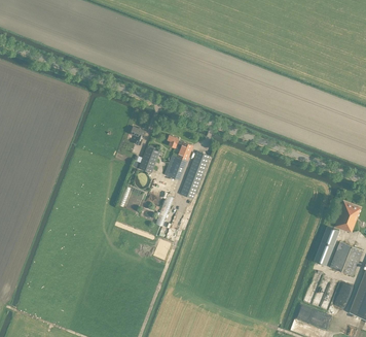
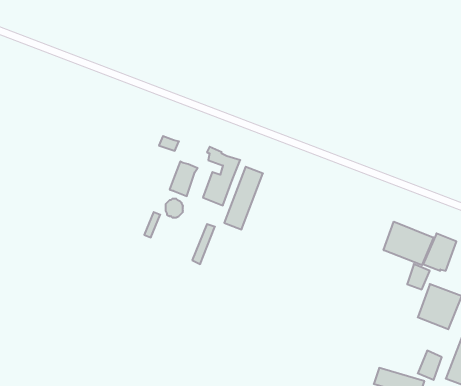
building: none -> [384,222,434,265]

